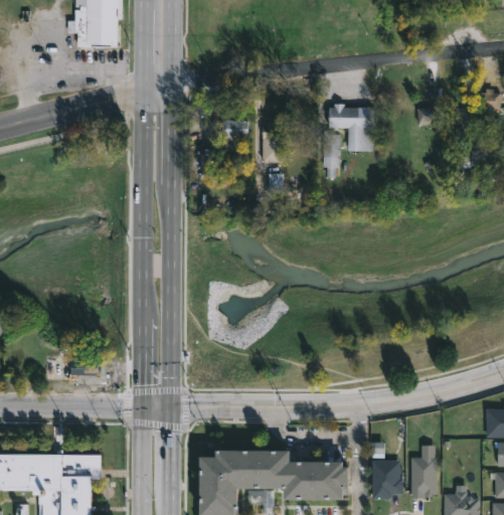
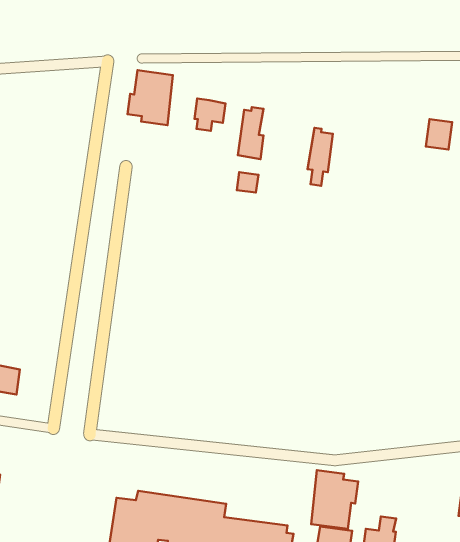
building: none -> [128,70,173,125]
building: [328,103,373,150] -> none
building: none -> [311,470,358,529]

